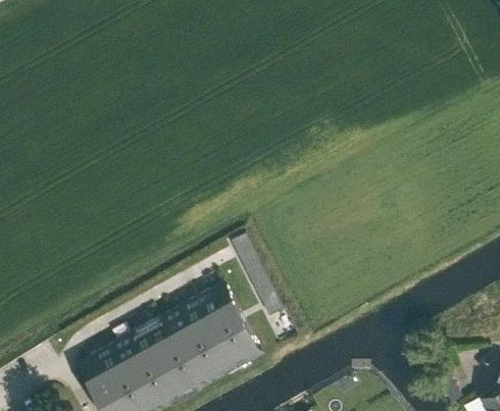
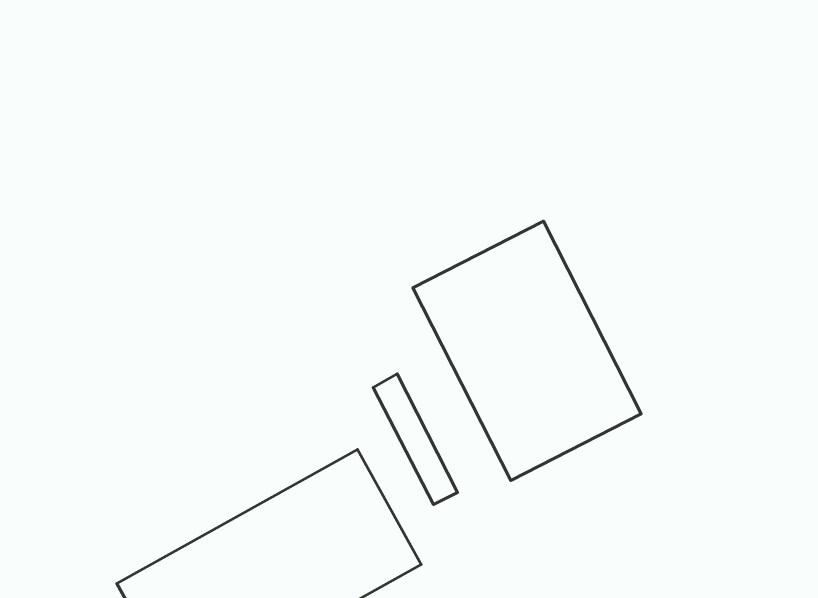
building: none -> [413,221,641,480]

